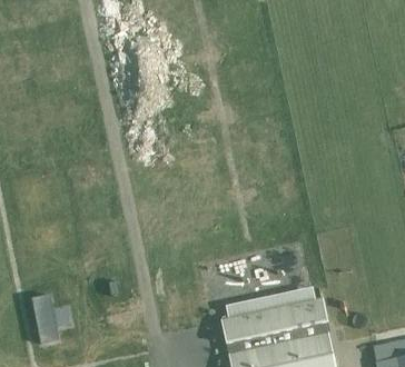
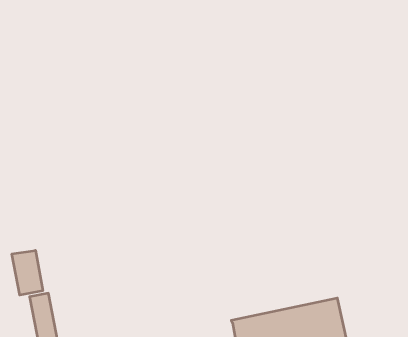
building: none -> [12,250,43,295]

